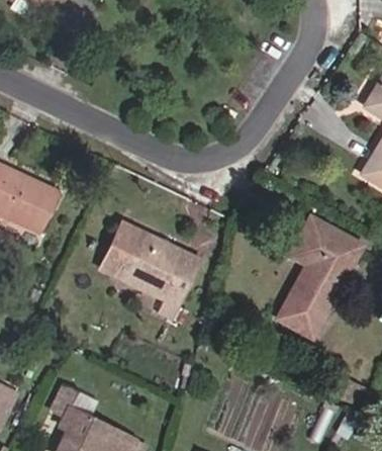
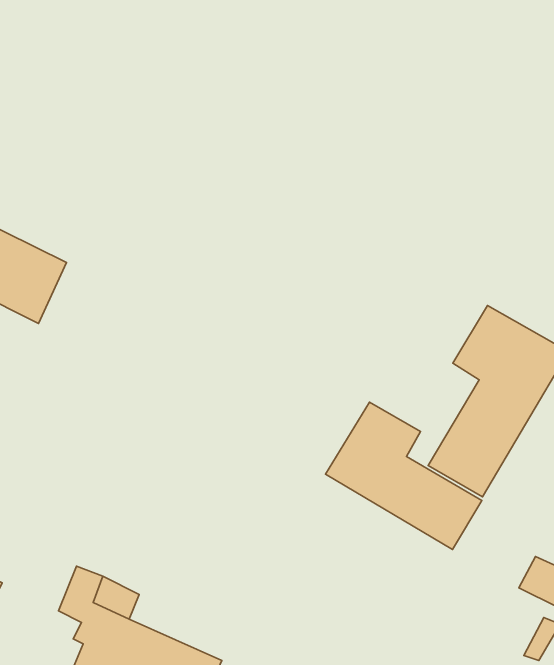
building: [96,221,200,322] -> none
building: none -> [325,402,482,549]

